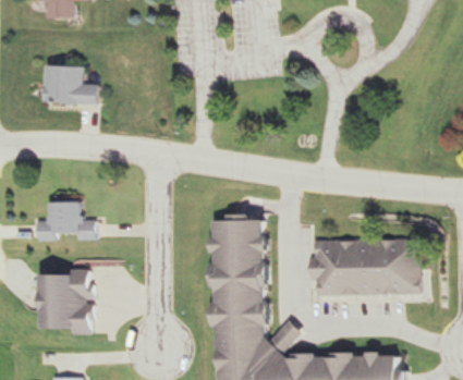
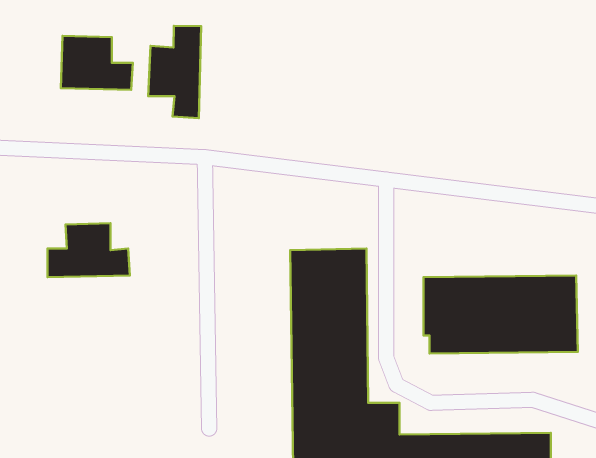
building: none -> [148,26,201,118]
building: [38,272,92,332] -> none

